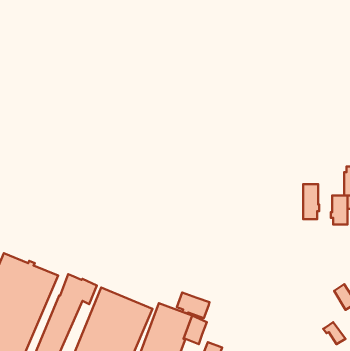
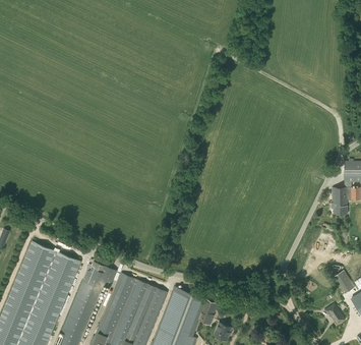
building: [303,184,319,219] -> none
building: [177,292,210,318] -> none

